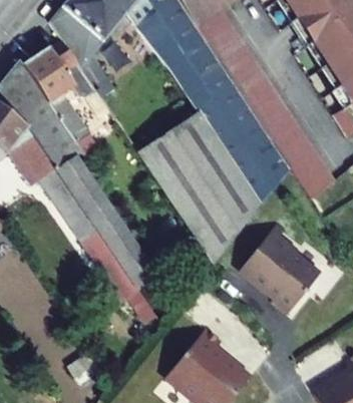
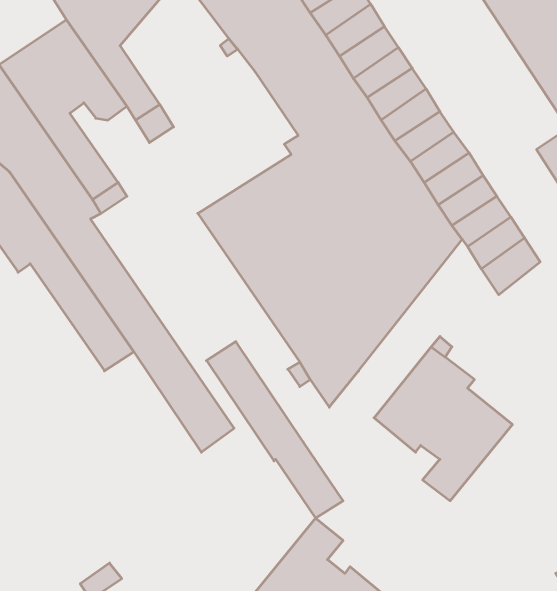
building: [83,232,162,334] -> [206,342,343,518]

